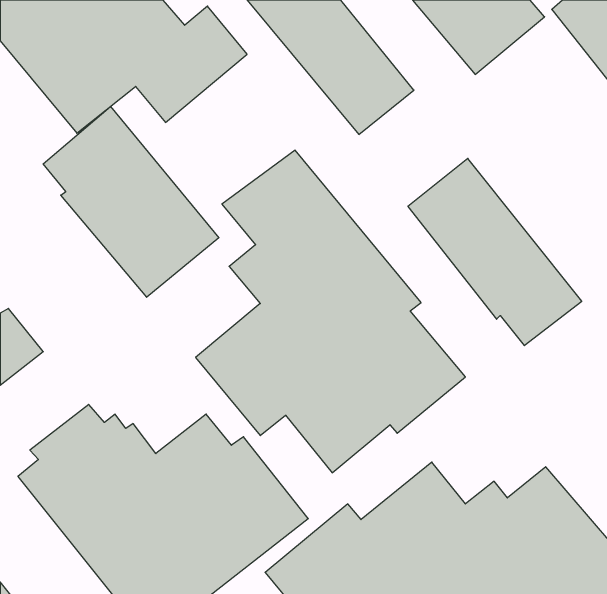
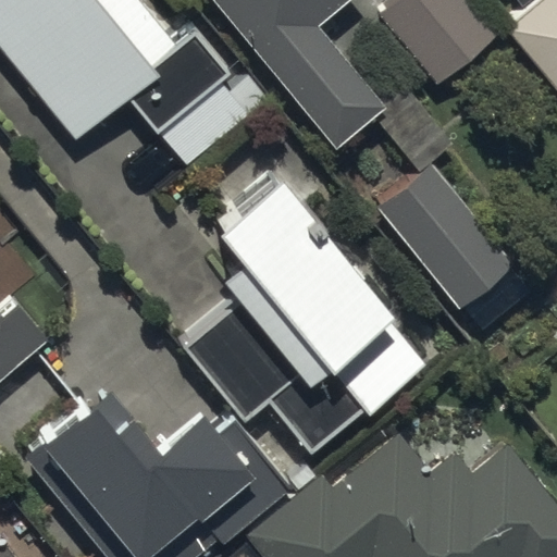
building: [43,107,219,297] -> none

